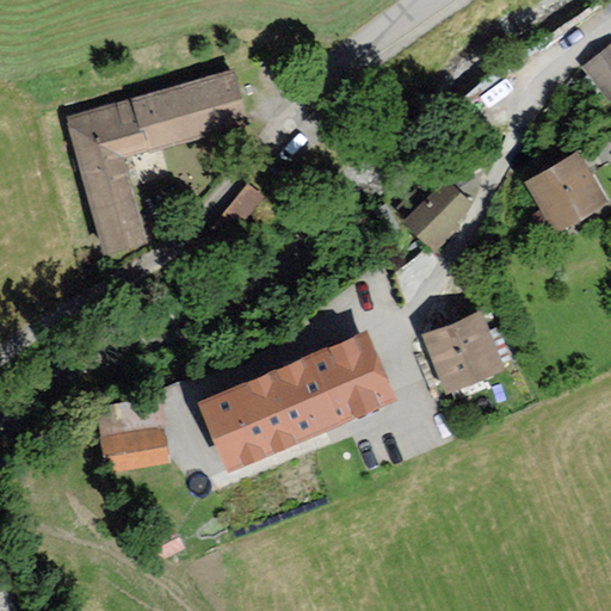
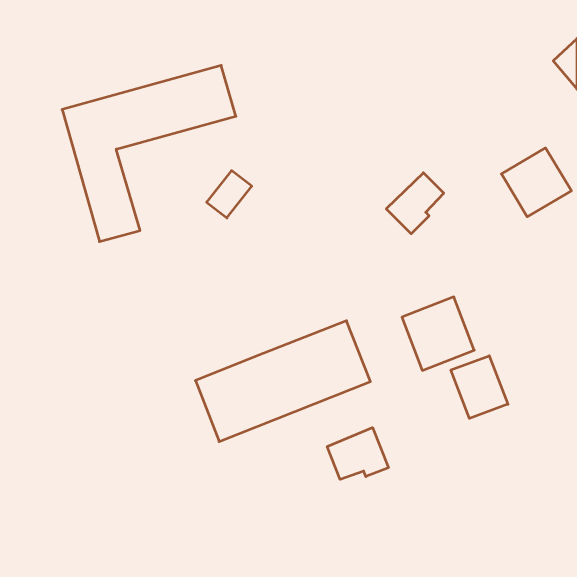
building: none -> [451,356,508,418]
building: [100,400,163,471] -> none
building: none -> [327,428,388,479]

